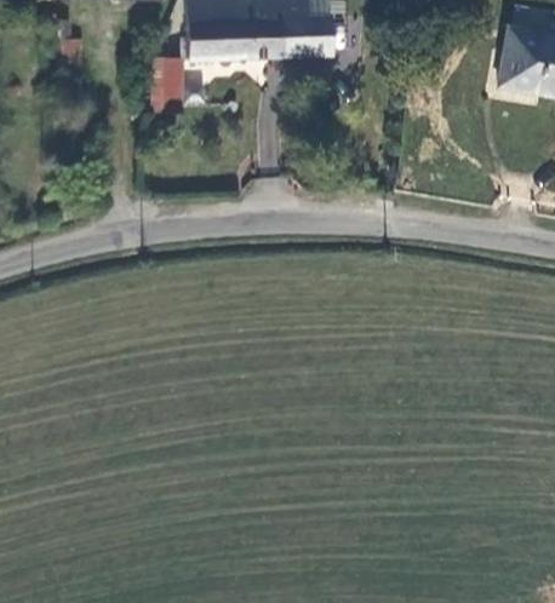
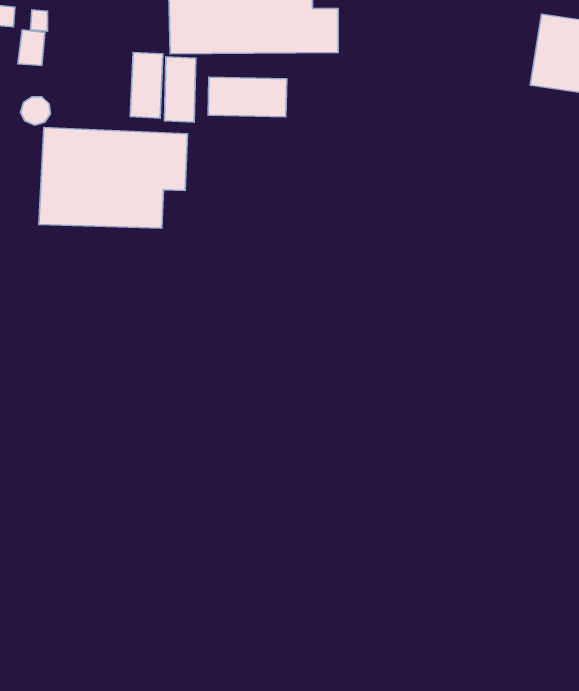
building: none -> [208,77,287,117]
building: none -> [39,127,188,228]

